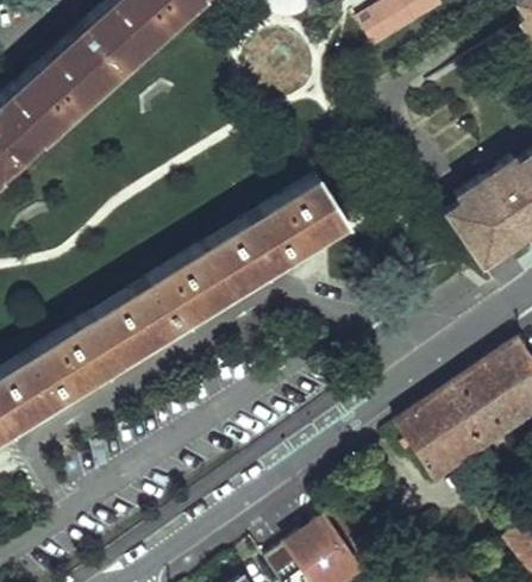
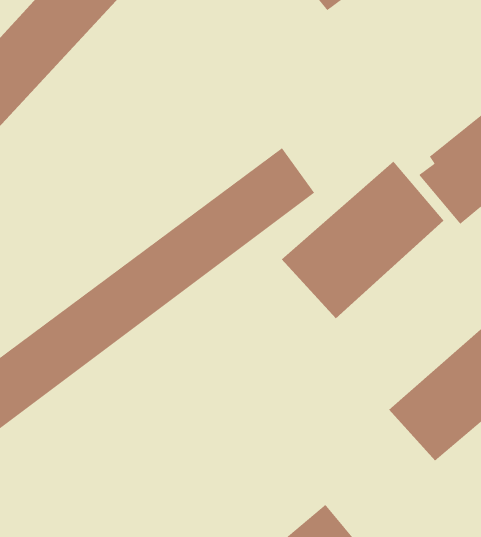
building: none -> [281,161,445,319]

